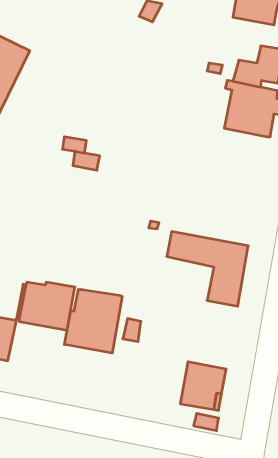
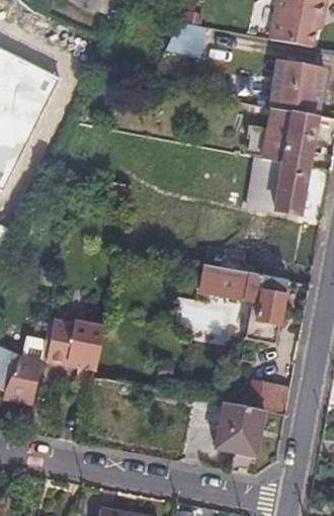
building: none -> [247,156,307,217]
building: [64,289,122,353] -> none
building: none -> [248,382,290,415]

